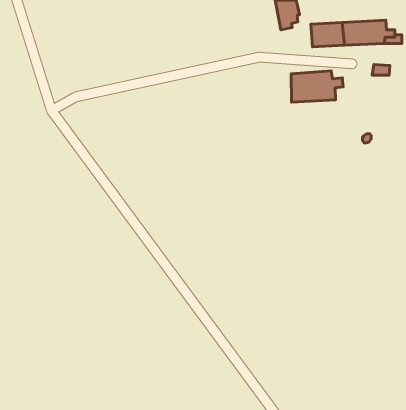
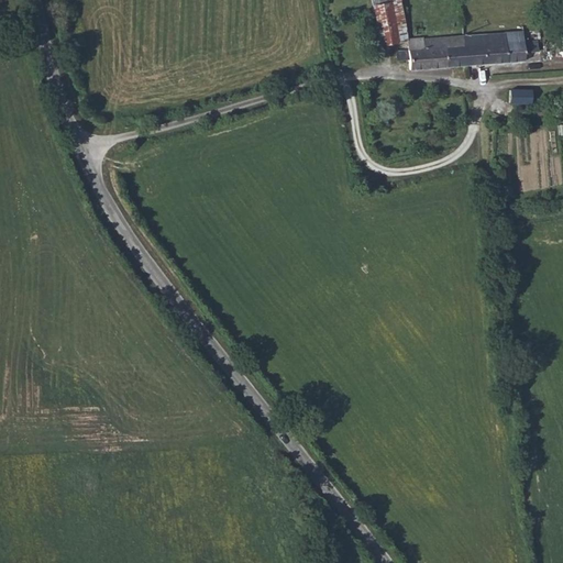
building: none -> [398,36,426,67]
building: [291,71,343,102] -> none

